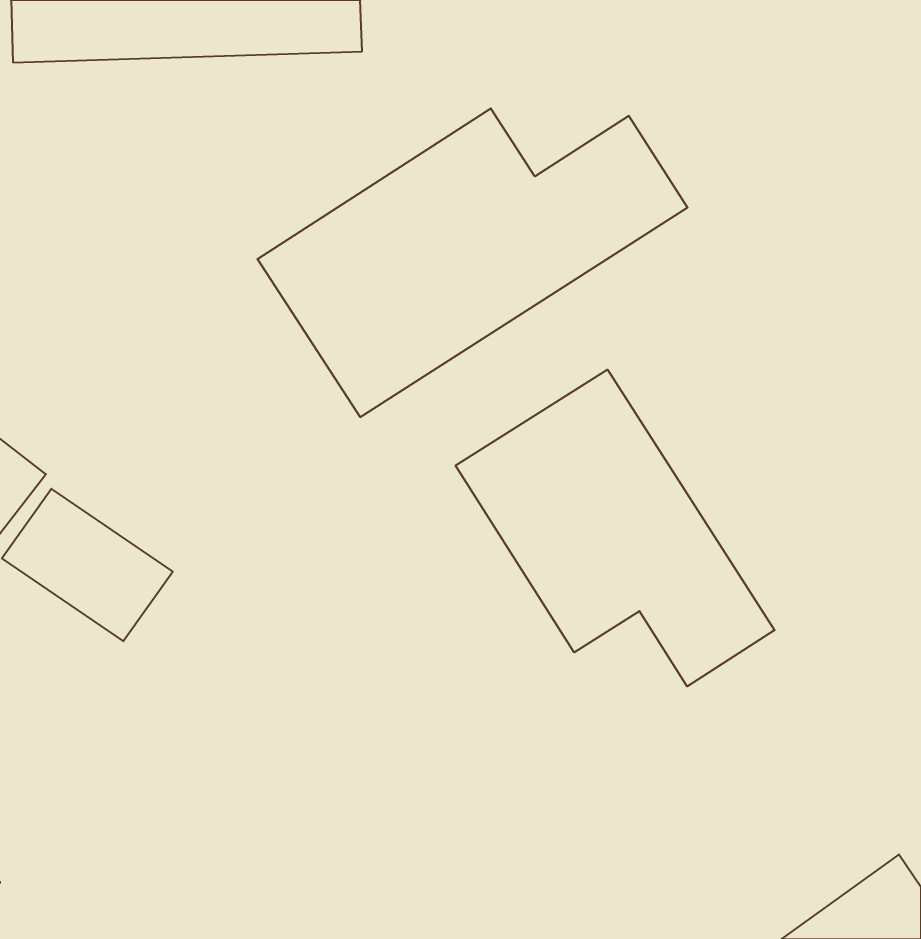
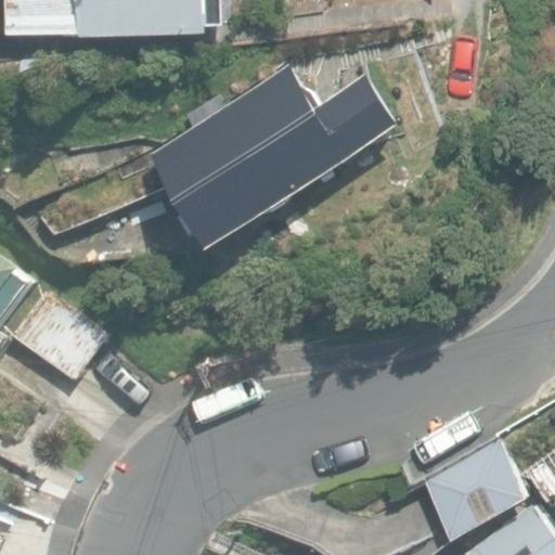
building: [456,370,775,686] -> none
building: none -> [414,431,532,538]

